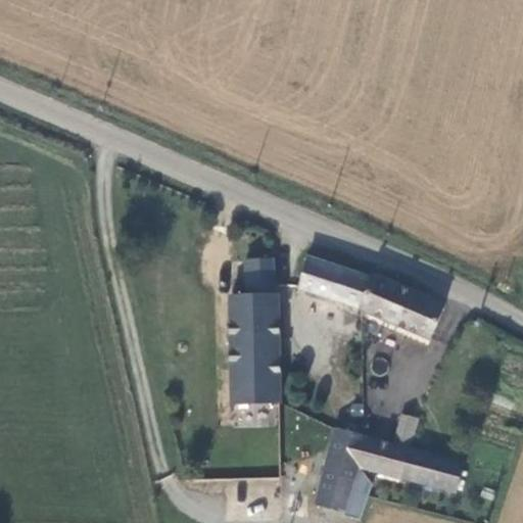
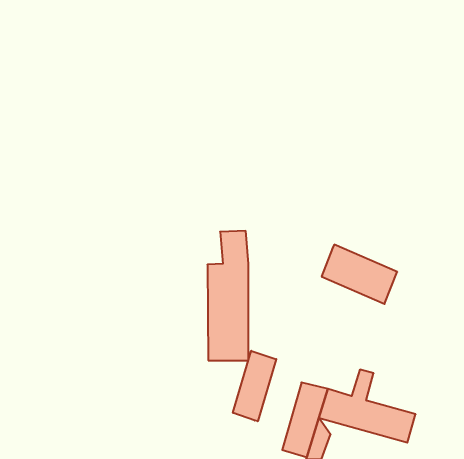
building: [299,256,372,310] -> none
building: none -> [233,351,276,421]

